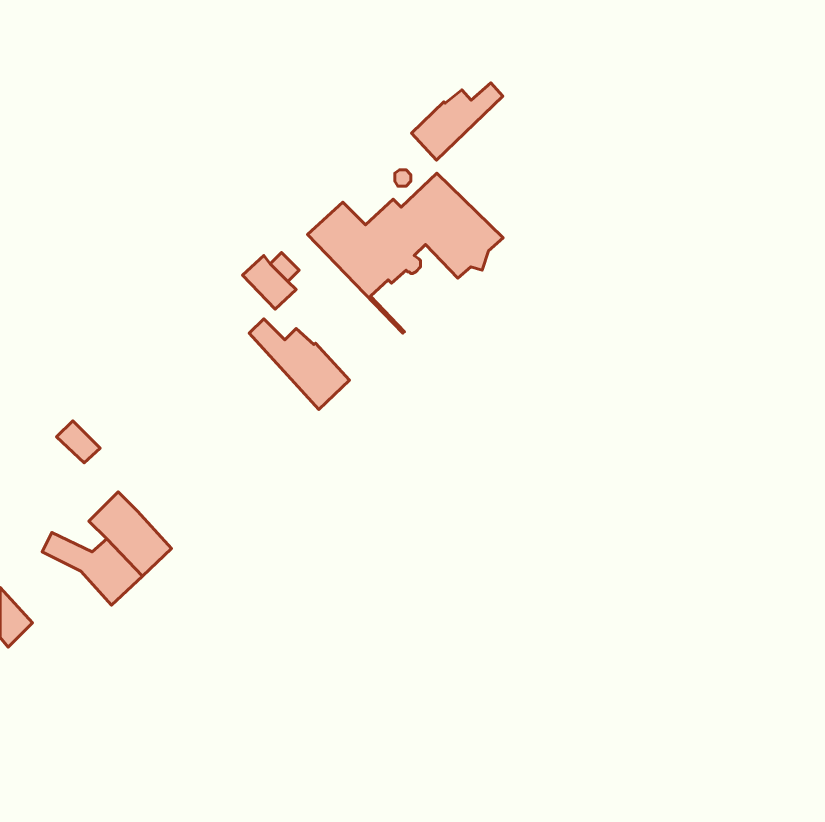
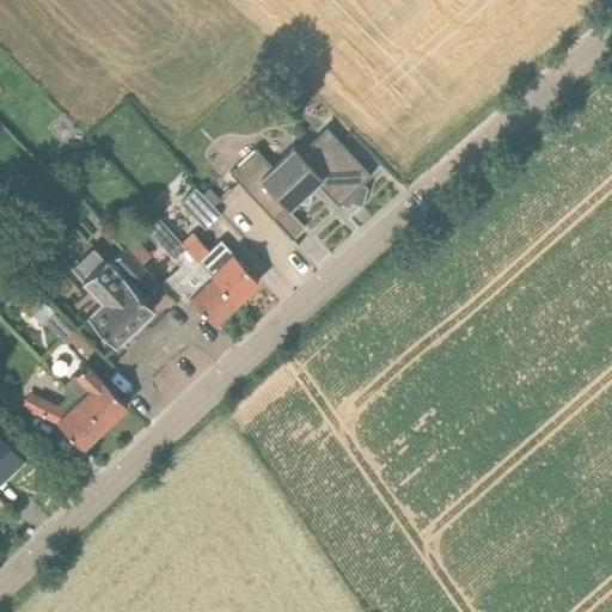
building: [411,83,503,160] -> none
building: none -> [164,238,237,326]
building: none -> [73,252,160,348]

